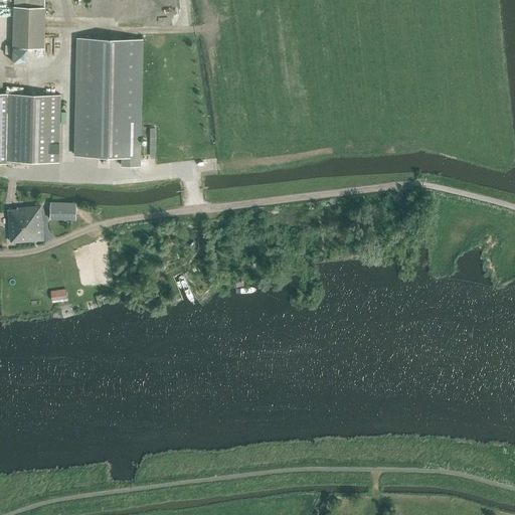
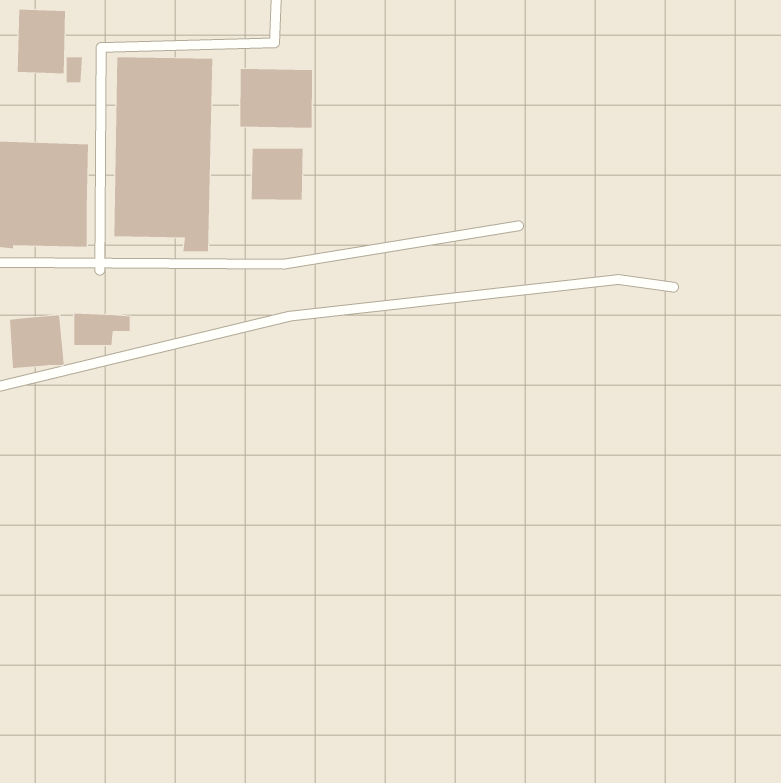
building: none -> [240,68,313,128]
building: none -> [251,148,303,201]

